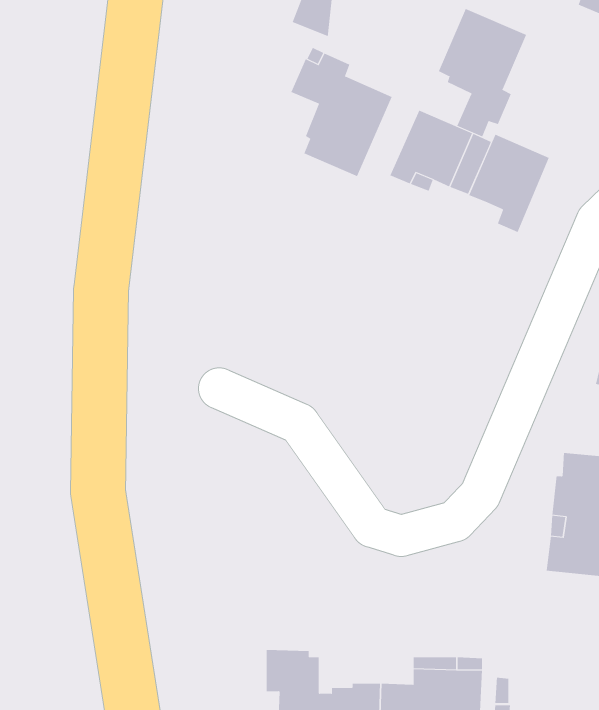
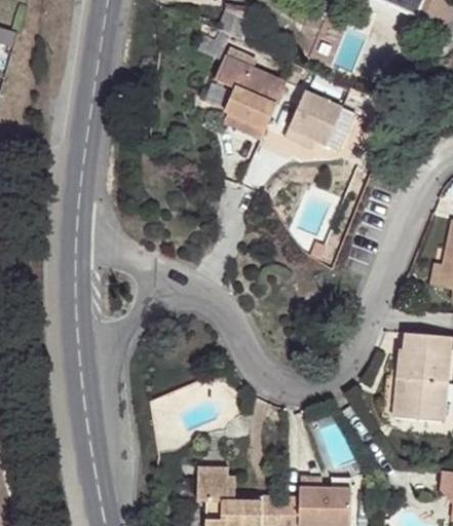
building: [438,8,527,137] -> none
building: [469,134,550,233] -> none

